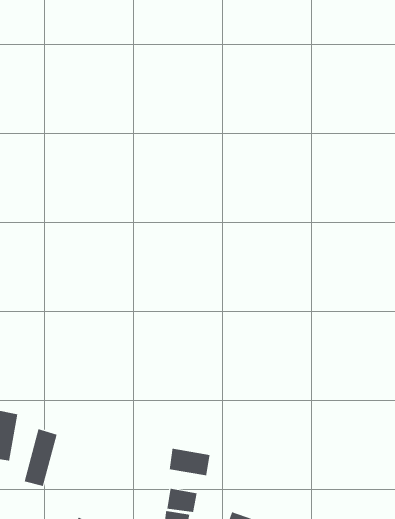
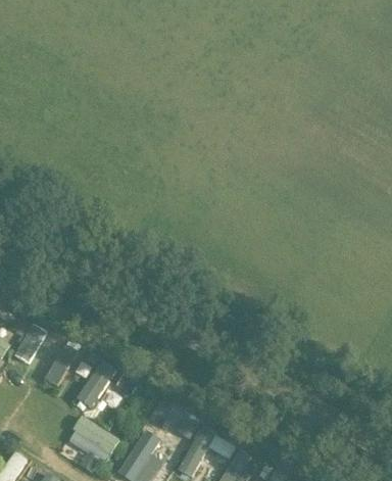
building: [169,448,210,476] -> none
building: none -> [75,367,114,411]

